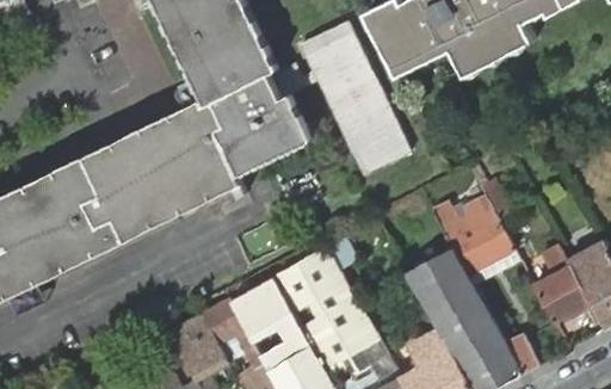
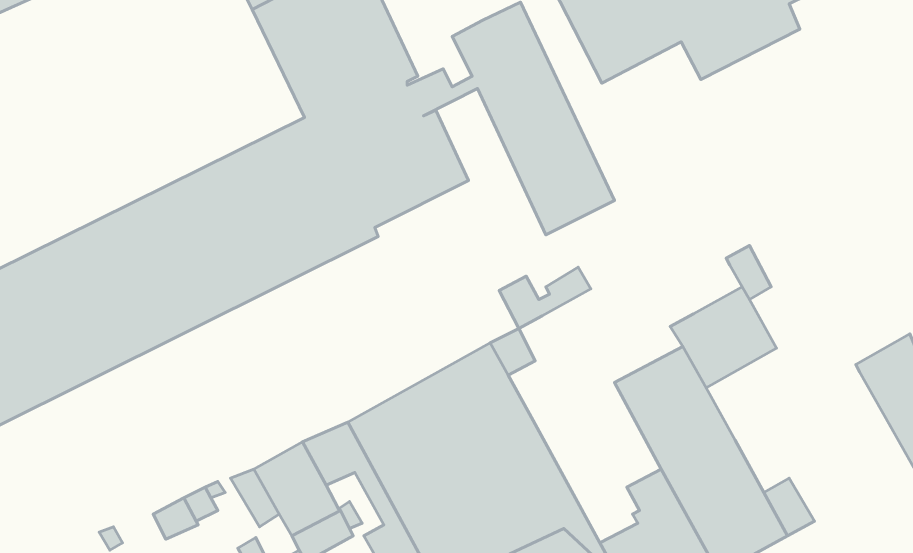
building: [431,196,492,236] -> [499,267,591,328]
building: [533,248,590,322] -> none

